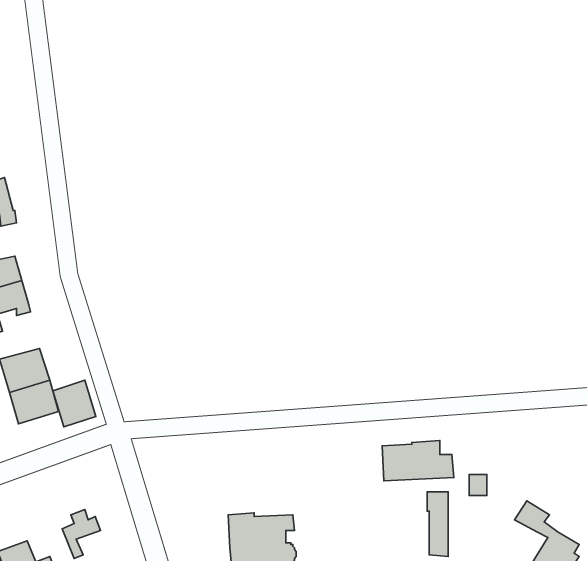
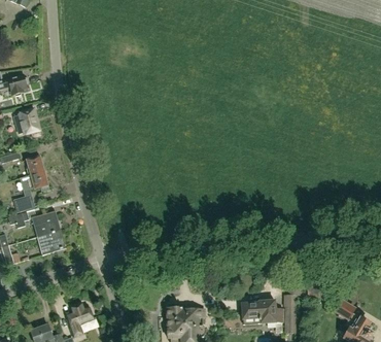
building: [53,380,96,427] -> none
building: [382,441,454,481] -> [241,300,283,323]

